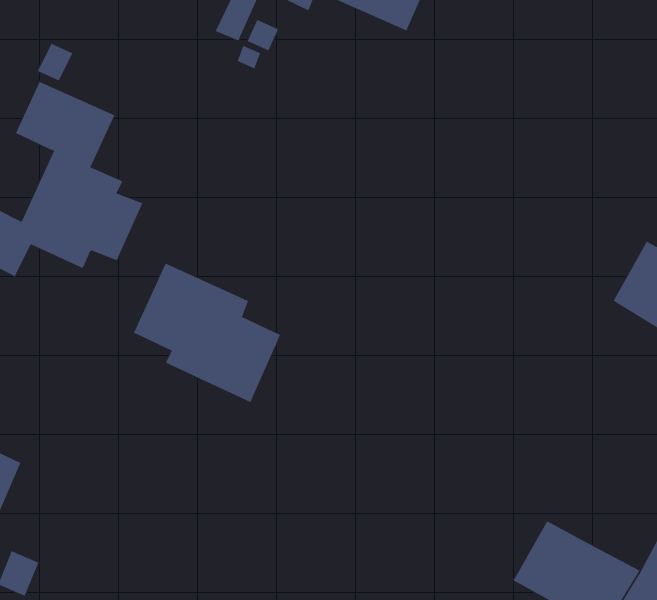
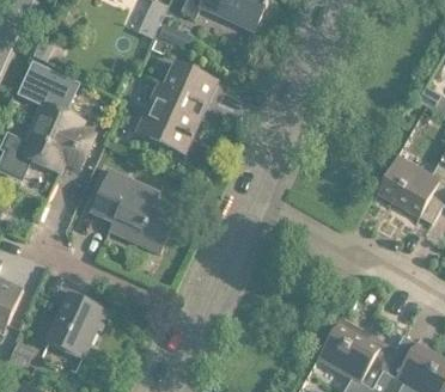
building: none -> [134,62,217,153]
building: none -> [44,292,106,359]

